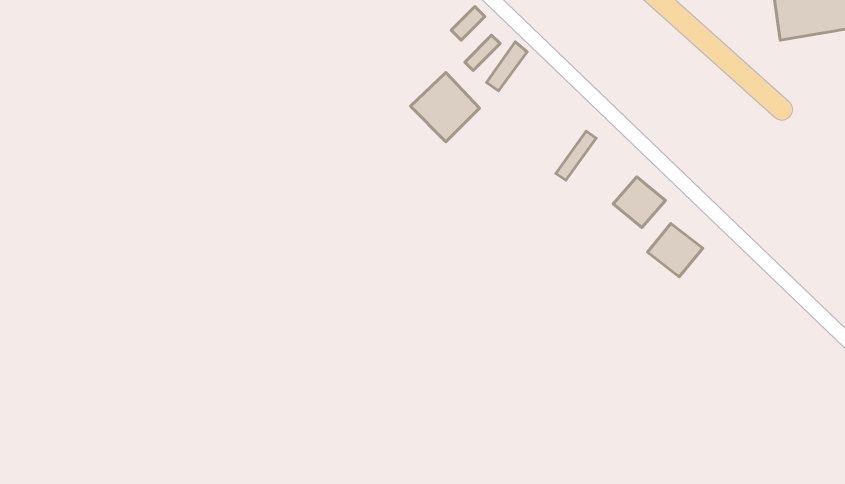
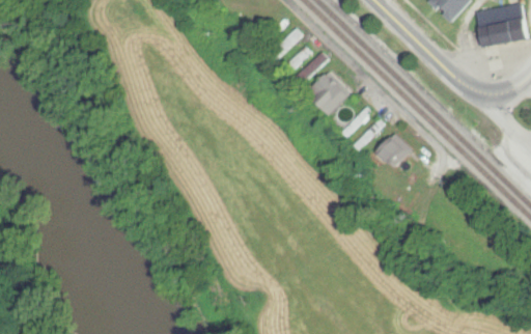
building: [410,73,480,142] -> [307,72,350,114]
building: [647,223,703,277] -> none

